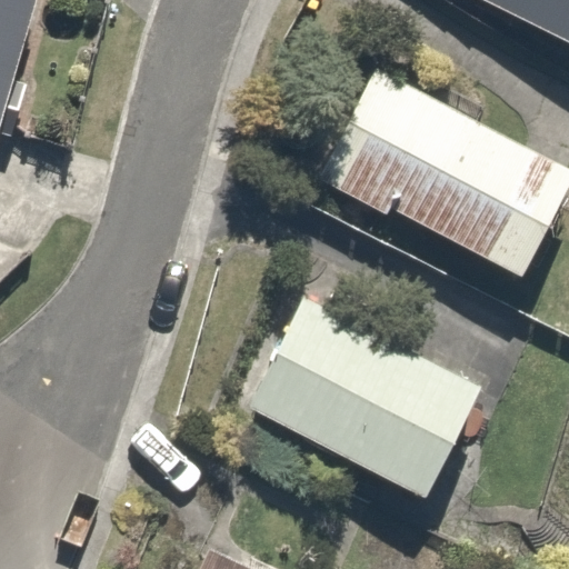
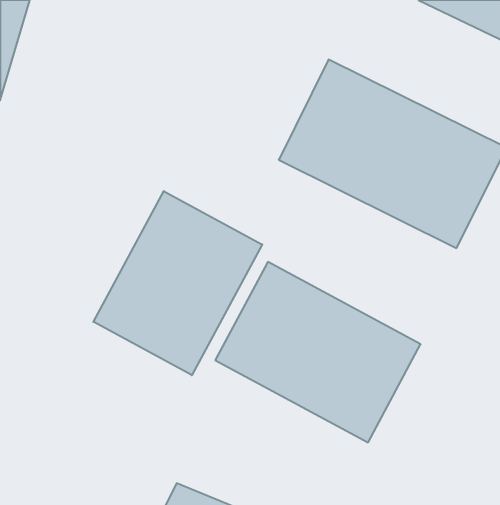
building: none -> [93,191,262,375]

